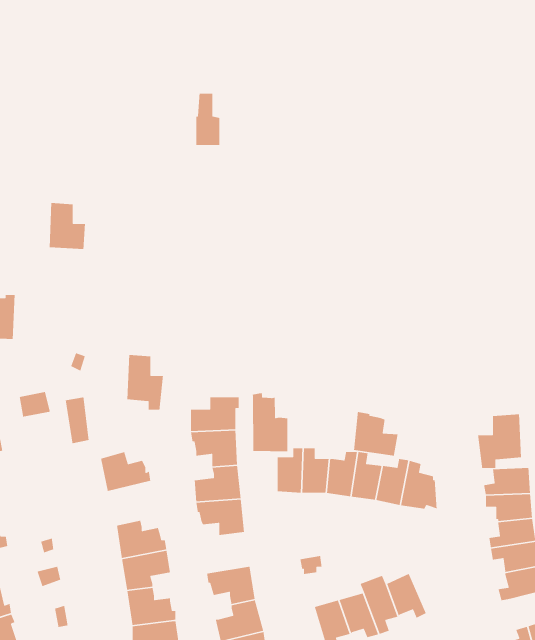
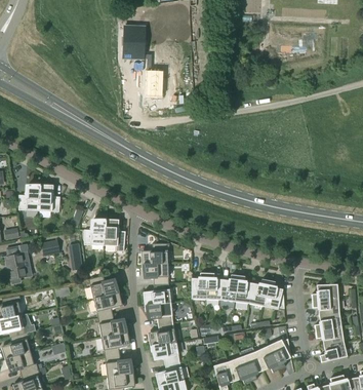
building: none -> [123,26,145,58]
building: [49,202,86,250] -> [38,184,59,211]
building: none -> [83,219,105,245]
building: [252,392,288,452] -> none
building: [353,411,399,456] -> none
building: [477,413,522,469] -> none
building: none -> [92,292,121,318]
building: none -> [147,322,175,346]
building: none -> [268,339,290,369]

